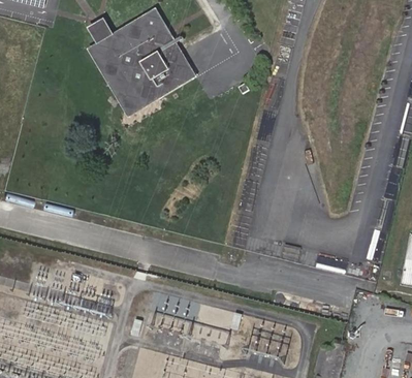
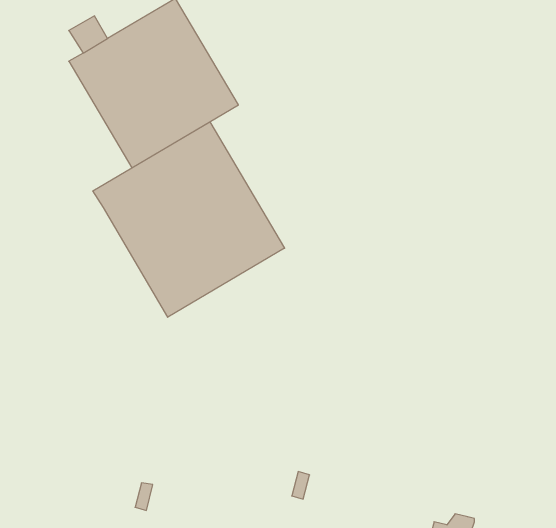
building: none -> [93,122,285,317]

